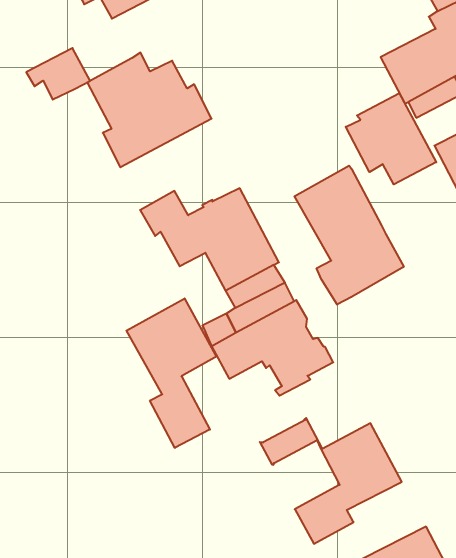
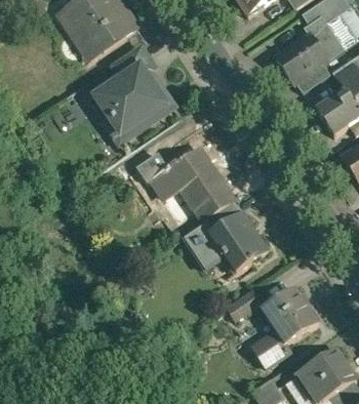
building: [26,48,90,100] -> [113,47,154,81]
building: [346,93,436,184] -> none
building: [294,166,404,305] -> none
building: [126,298,217,448] -> none

